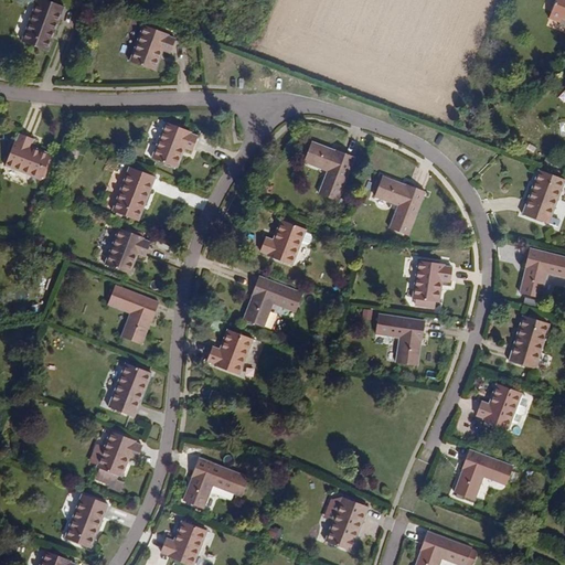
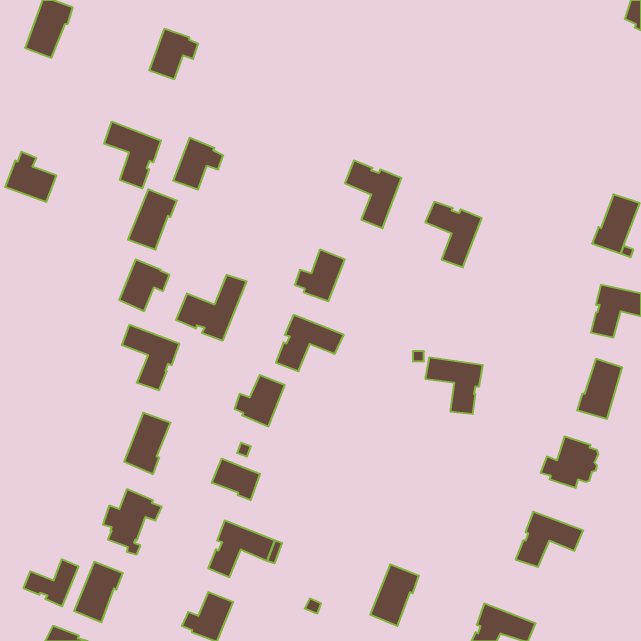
building: none -> [104,122,161,188]
building: none -> [176,275,247,341]
building: [414,260,451,302] -> none
building: none -> [212,459,260,500]
building: none -> [24,559,78,606]

